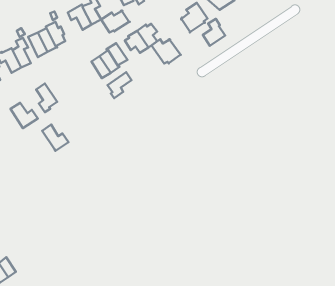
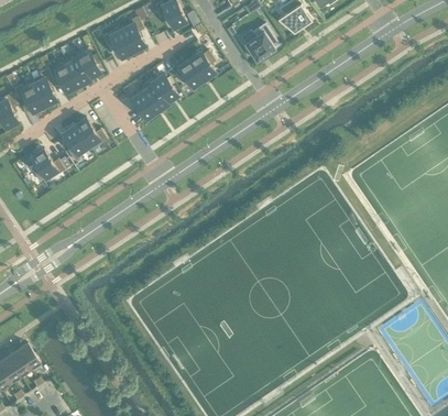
building: [101,10,130,33] -> none
building: [203,19,225,46] -> none
building: [151,39,181,64] -> none
building: [108,72,131,98] -> none
building: [42,125,69,151] -> [74,119,107,152]

